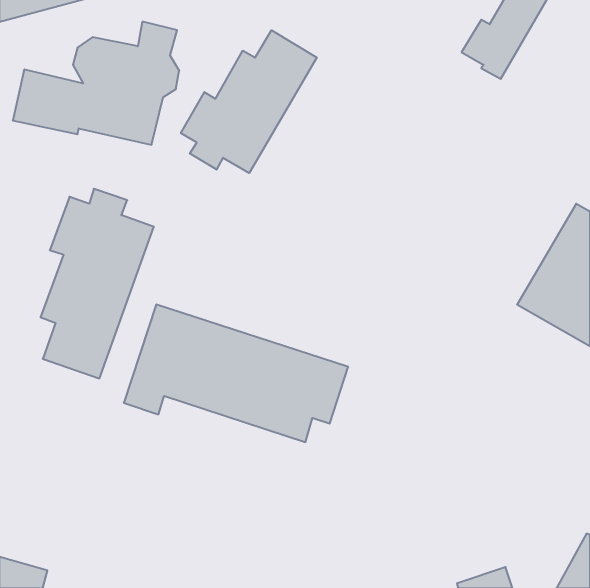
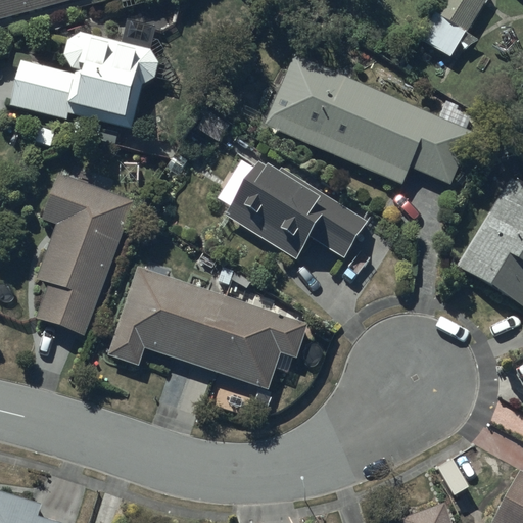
building: [181,30,317,173] -> none
building: none -> [265,54,472,184]
building: none -> [227,161,369,257]

